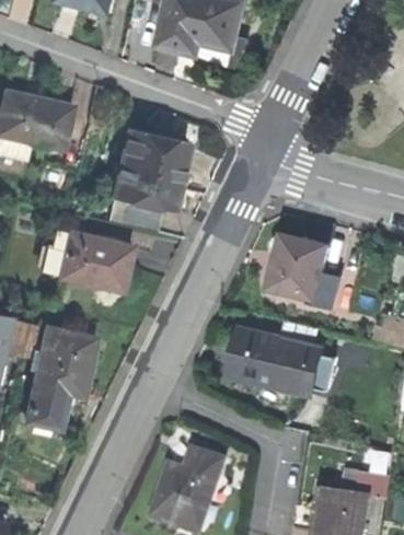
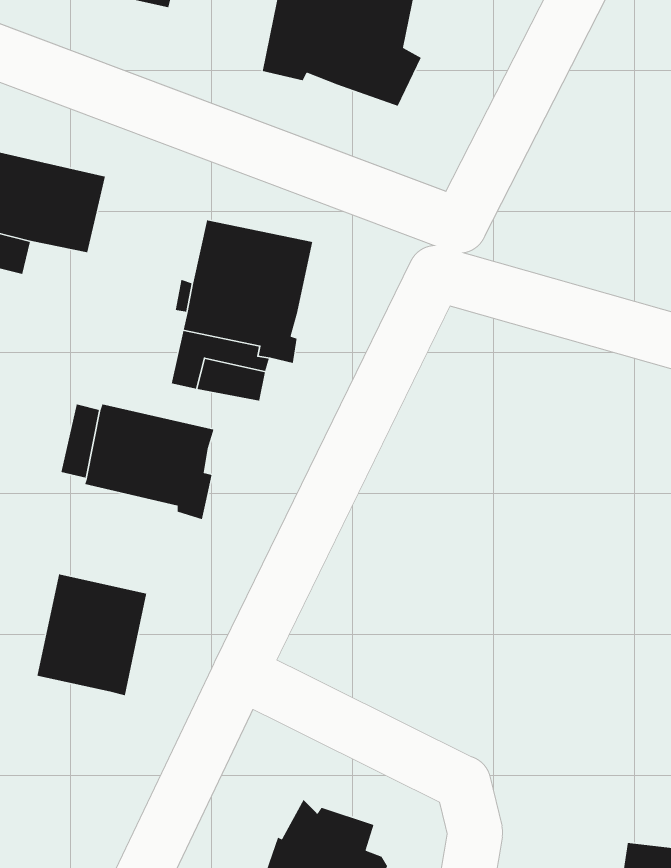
building: [266,234,334,307] -> none
building: [226,330,343,395] -> none
building: [25,381,71,415] -> none

